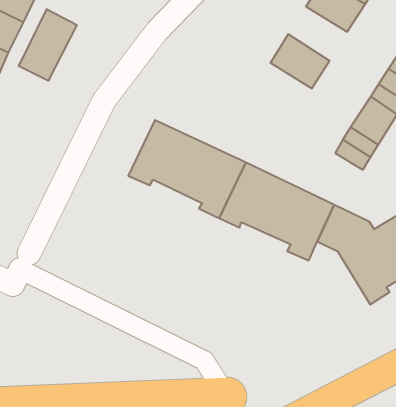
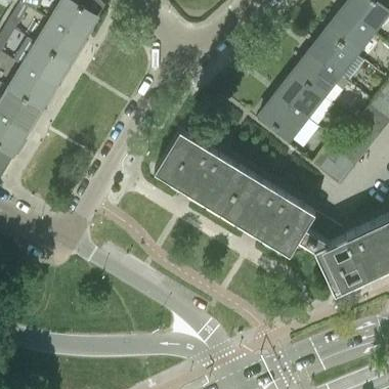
building: none -> [291,52,347,97]
building: [19,9,77,81] -> none
building: none -> [258,94,305,139]

